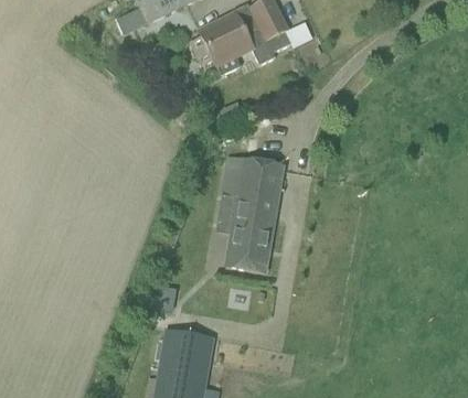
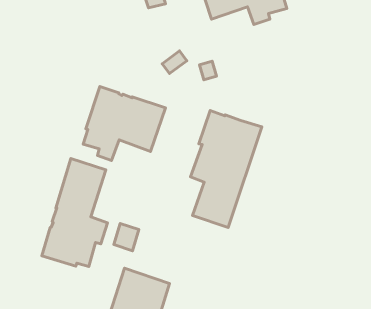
building: none -> [83,87,165,160]
building: none -> [42,159,107,266]

